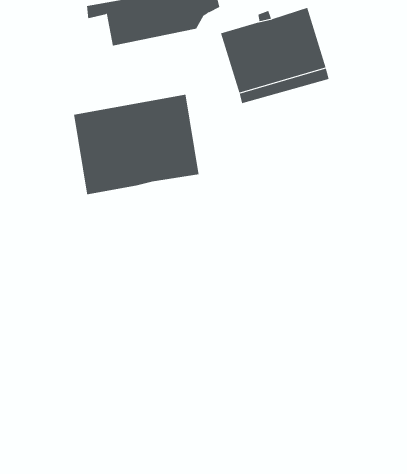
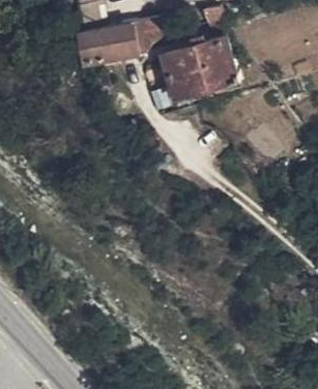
building: [73,94,199,195] -> none

